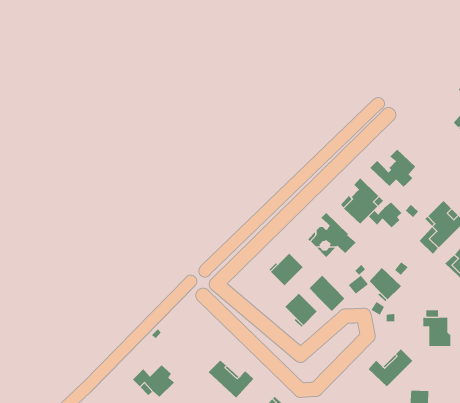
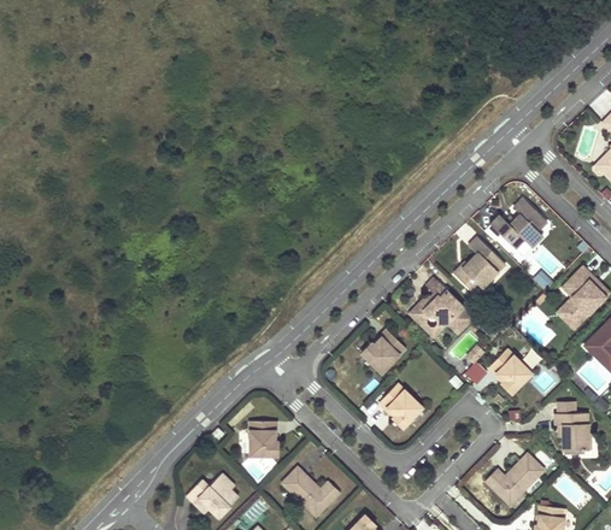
building: [368,201,403,228] -> none
building: [309,275,345,312] -> none
building: none -> [246,423,271,458]

